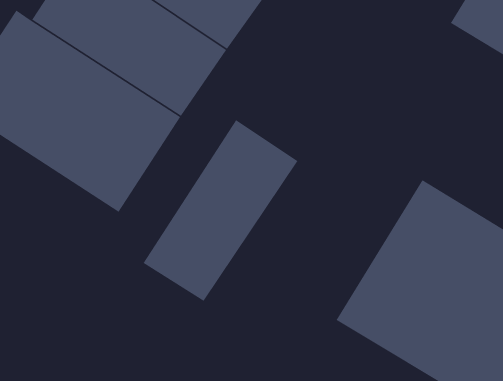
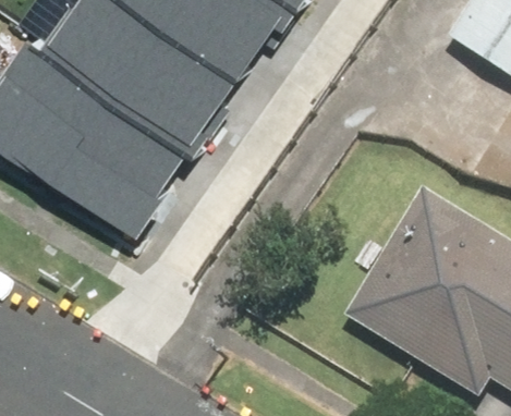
building: [142,119,299,302] -> none

